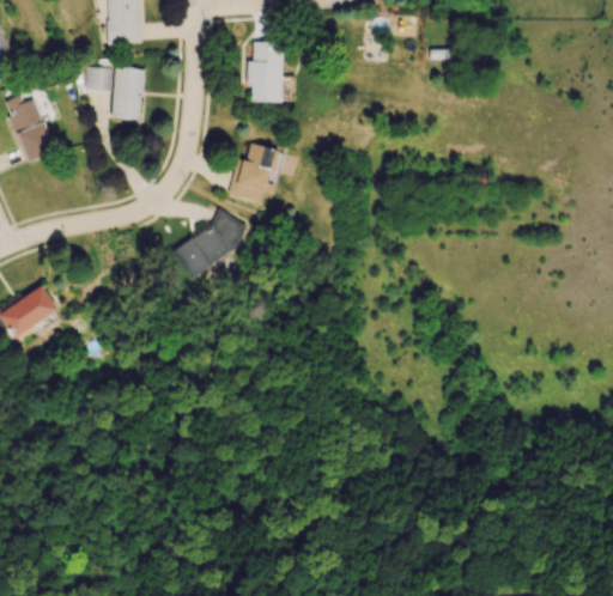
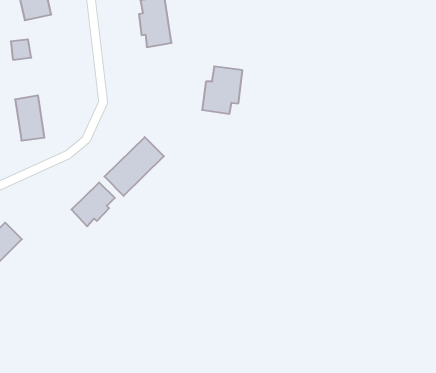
building: [113,67,142,120] -> [15,95,44,141]
building: [227,142,285,203] -> [202,66,242,114]
building: none -> [71,182,115,226]

